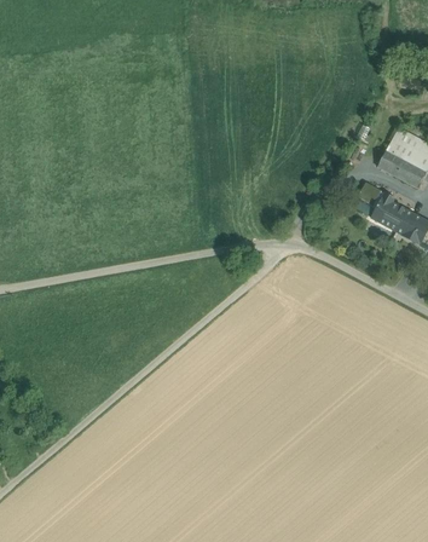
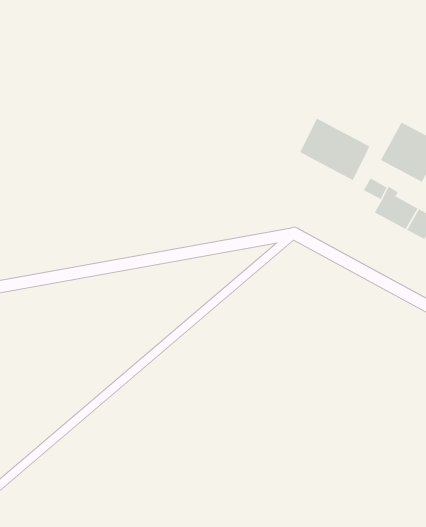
building: none -> [299,118,370,181]

